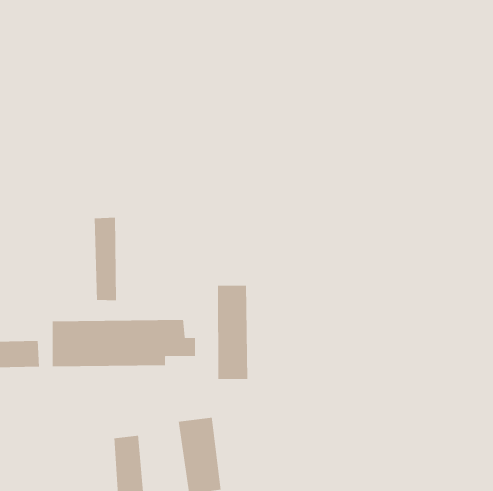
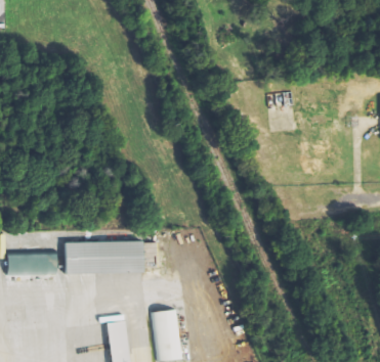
building: [94,217,117,301] -> none
building: [217,285,248,380] -> none

